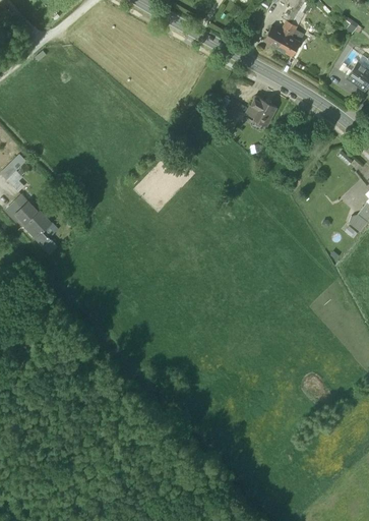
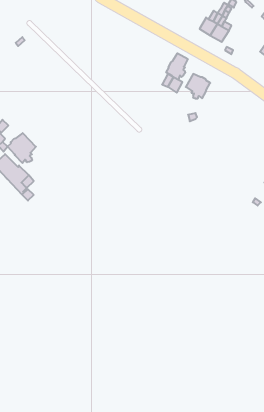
building: none -> [166,53,188,80]
building: none -> [8,133,36,163]

